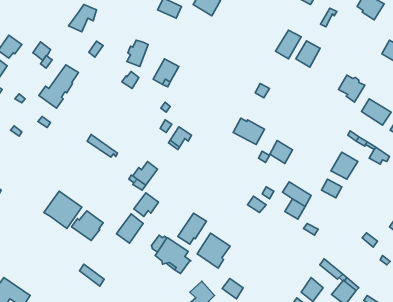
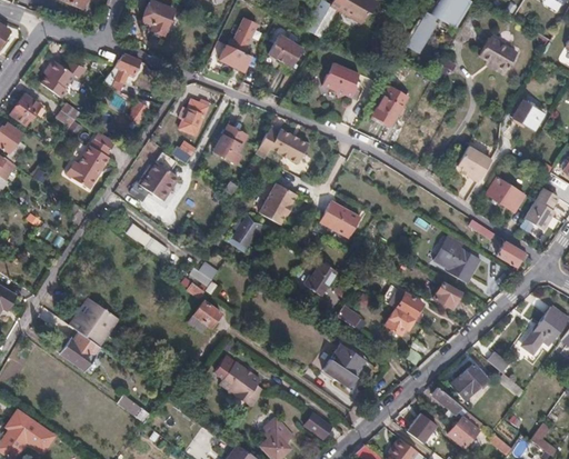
building: none -> [41,59,83,97]
building: none -> [321,62,359,98]
building: [296,41,320,67] -> none
building: none -> [254,124,307,162]
building: none -> [130,153,177,201]
building: none -> [258,182,296,223]
building: [270,141,293,163] -> [428,238,458,268]
building: none -> [305,260,337,296]
building: [72,211,103,241] -> [59,331,100,370]
building: [178,213,207,244] -> none
building: [117,214,143,243] -> none
building: [197,233,230,268] -> [321,341,365,387]
building: none -> [448,363,489,401]

